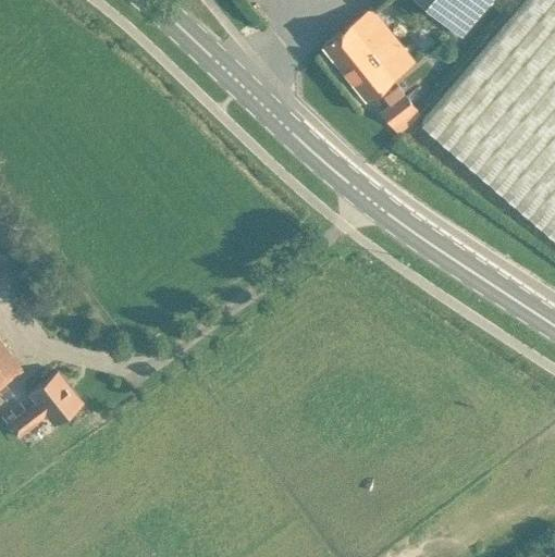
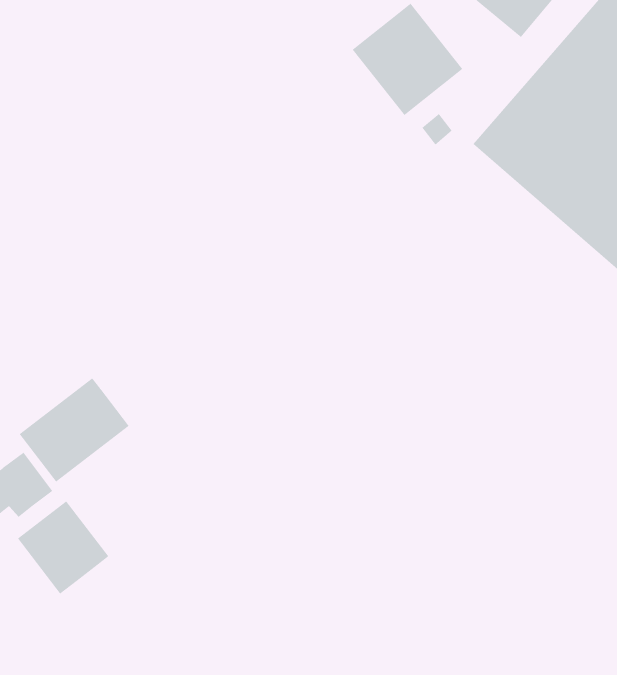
building: none -> [19,377,130,483]
building: none -> [17,501,109,594]

